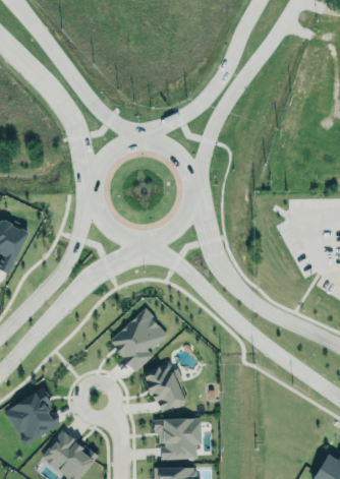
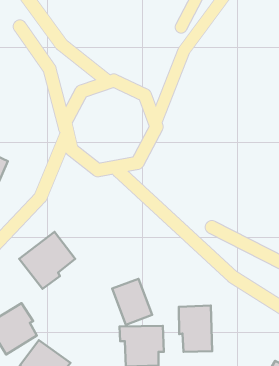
building: [108,304,171,368] -> [19,232,75,289]
building: none -> [179,306,212,352]

